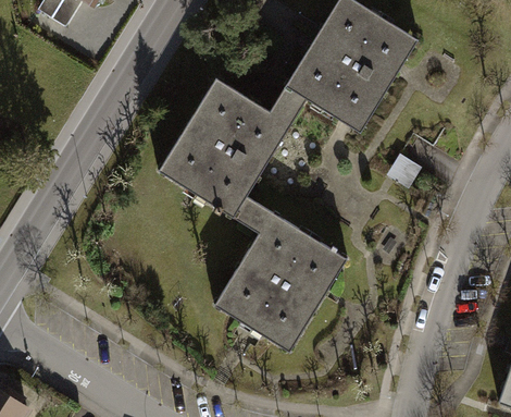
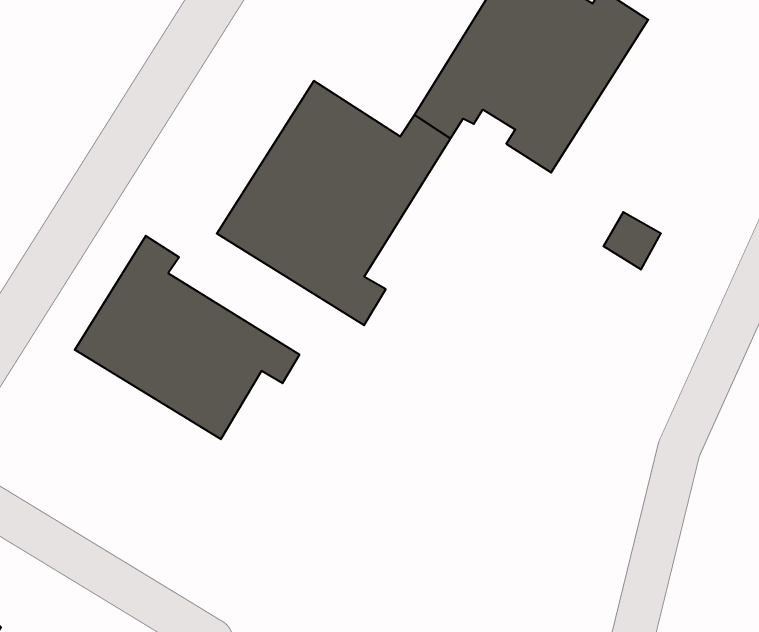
building: none -> [75,236,299,439]
building: [213,204,347,352] -> none

